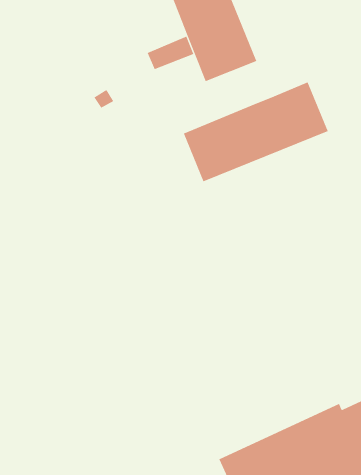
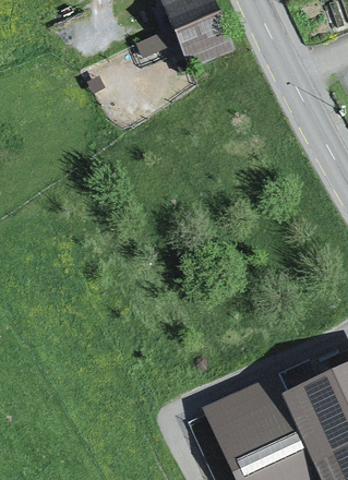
building: [183,82,329,182] -> none

